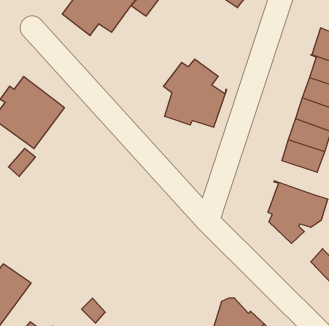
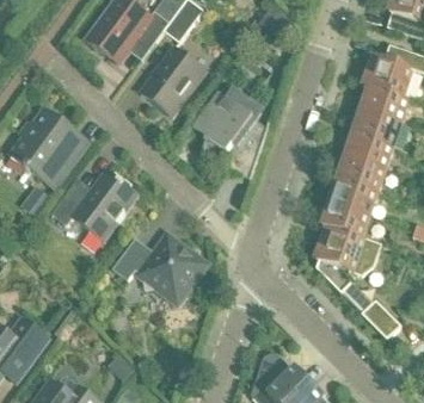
building: none -> [139,45,203,114]
building: none -> [49,169,136,240]
building: none -> [320,200,368,238]
building: none -> [110,234,204,303]

